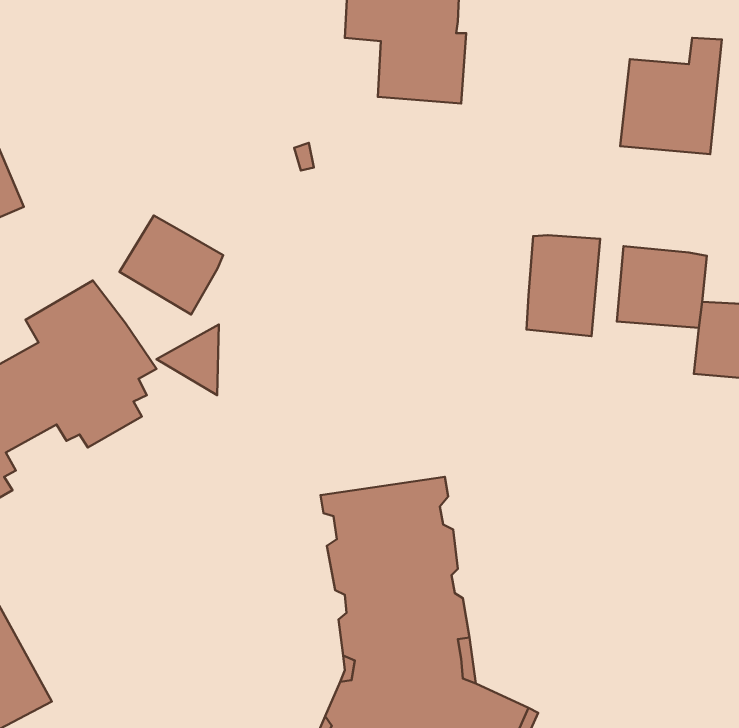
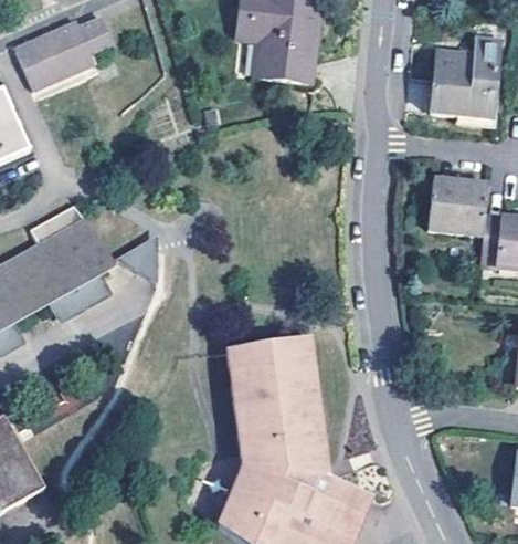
building: none -> [15,18,113,91]
building: [119,215,223,315] -> none
building: [526,235,600,336] -> none

